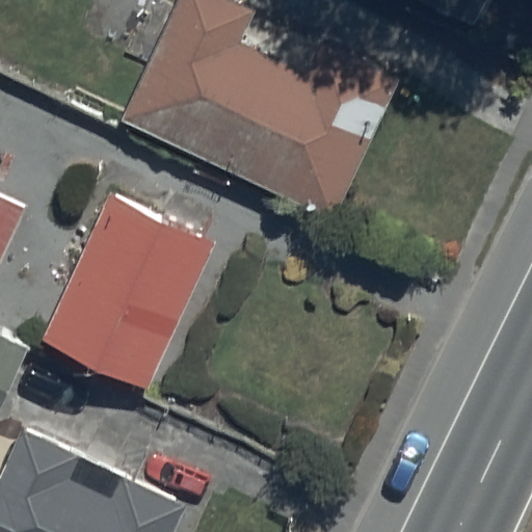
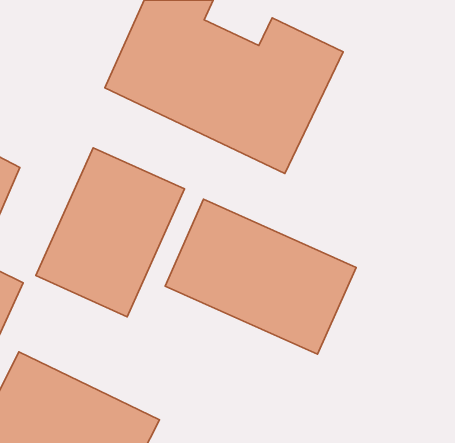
building: none -> [165,199,356,354]

